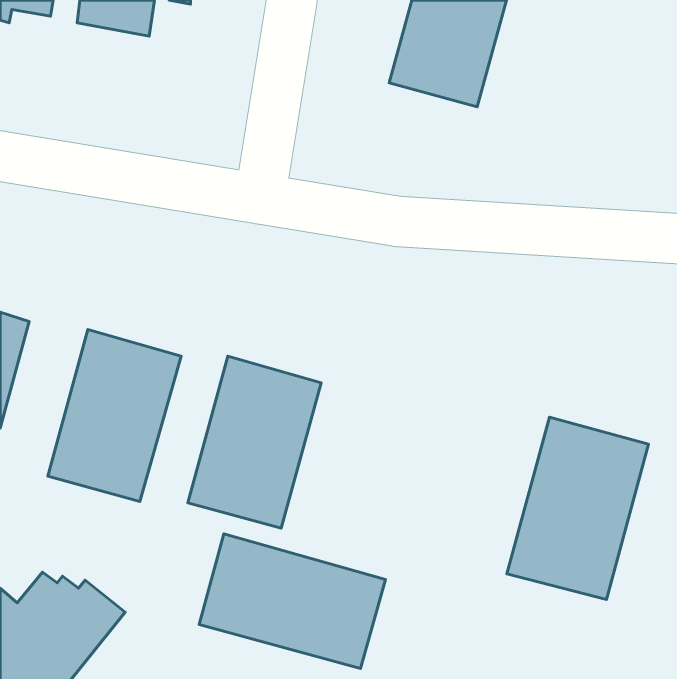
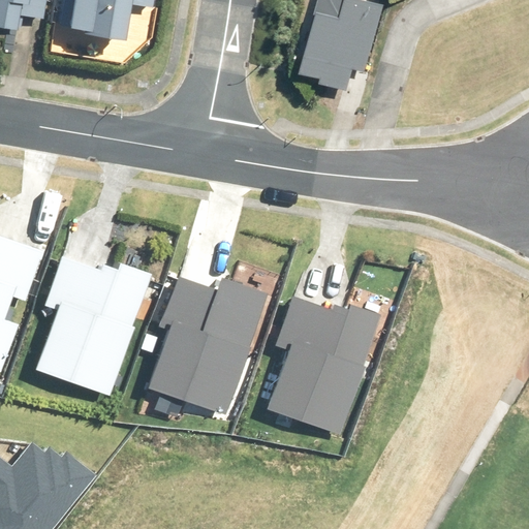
building: none -> [258,297,362,430]
building: [507,417,648,600] -> none
building: [199,534,385,668] -> none

